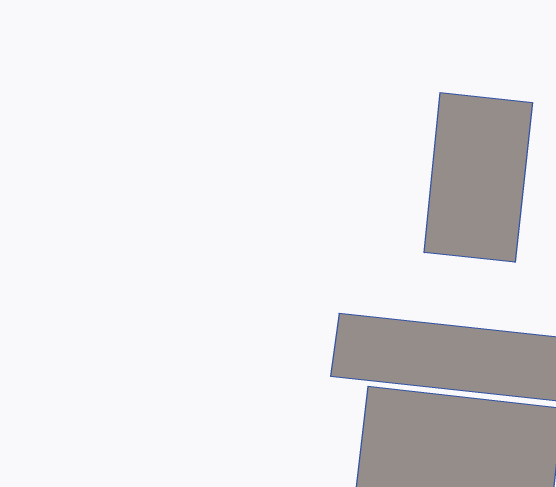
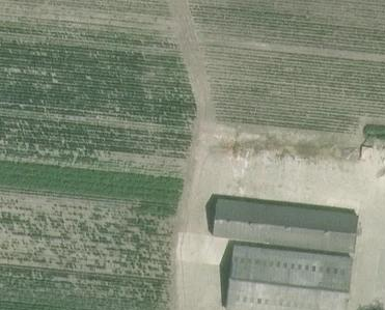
building: [424,93,532,262] -> none

